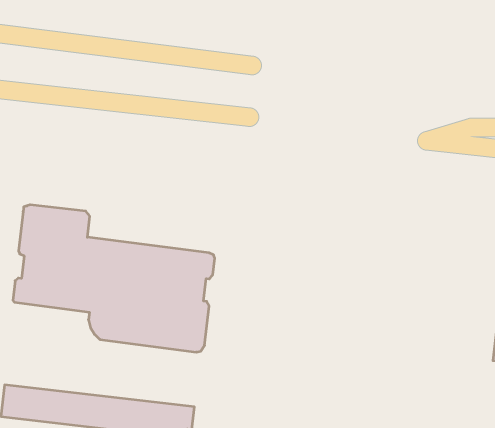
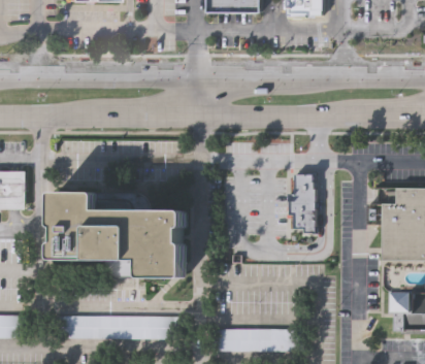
building: none -> [289,173,315,231]

